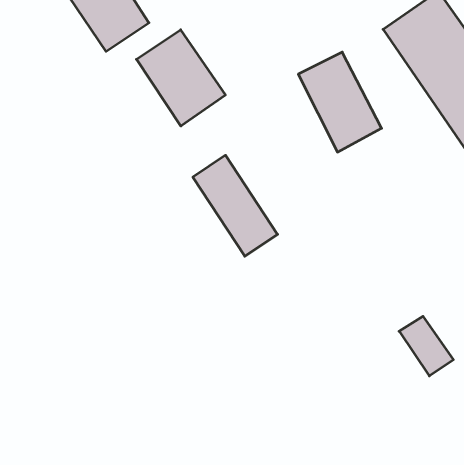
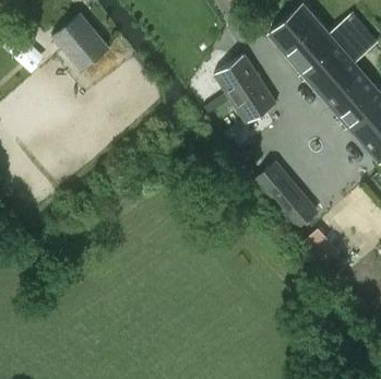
building: [136,30,225,126] -> none
building: [193,155,278,256] -> [253,162,315,229]

